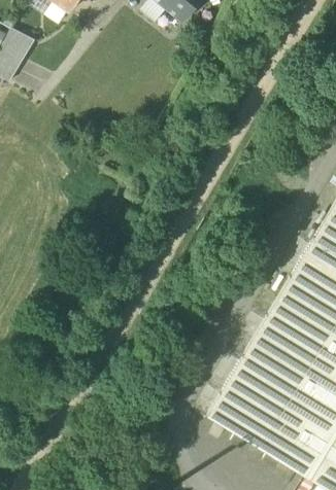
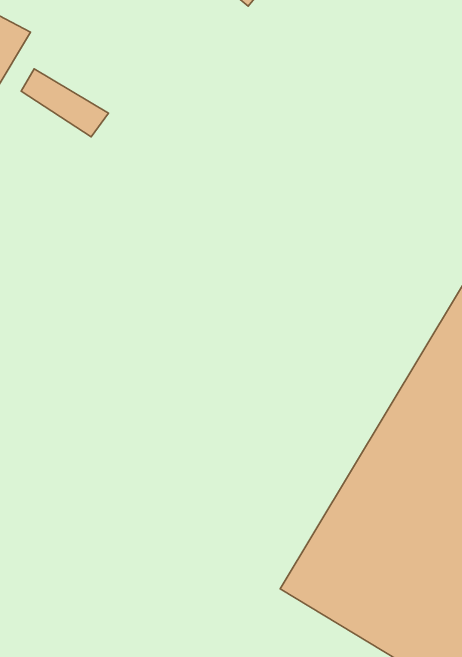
building: none -> [21,69,108,137]

